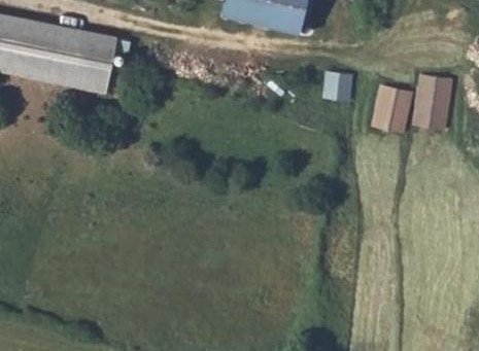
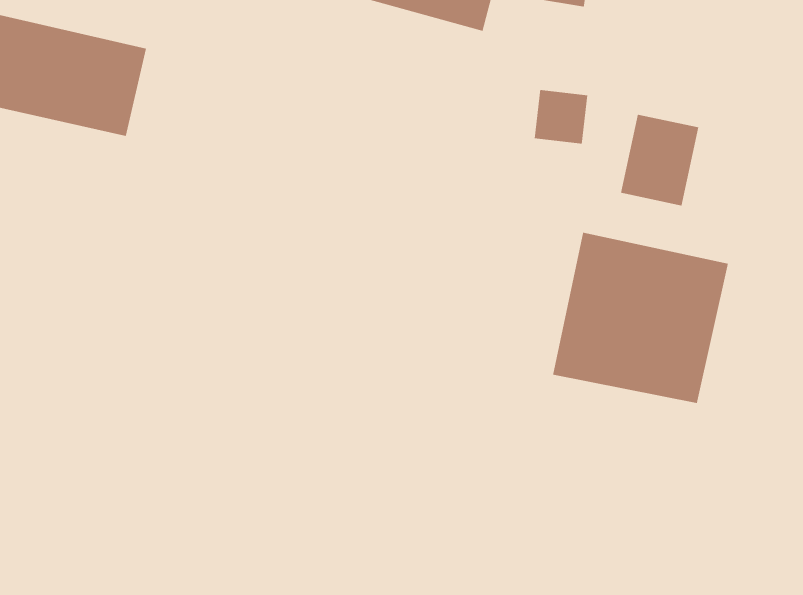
building: [414,72,453,128] -> none
building: none -> [553,232,729,404]

